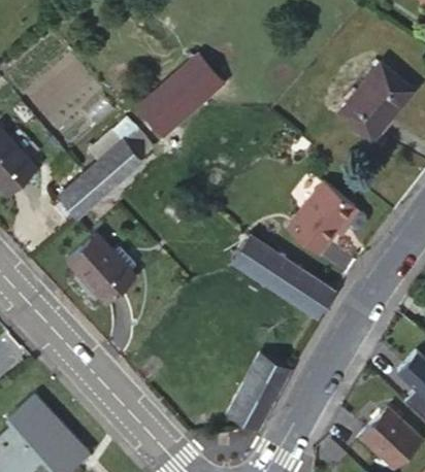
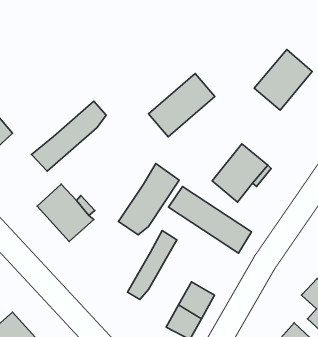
building: [138,57,222,136] -> [148,73,215,137]
building: none -> [118,164,179,235]
building: none -> [127,231,177,300]

